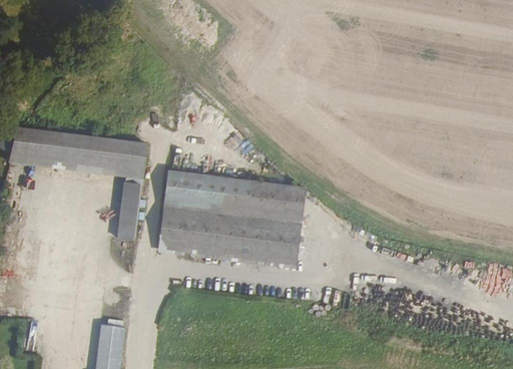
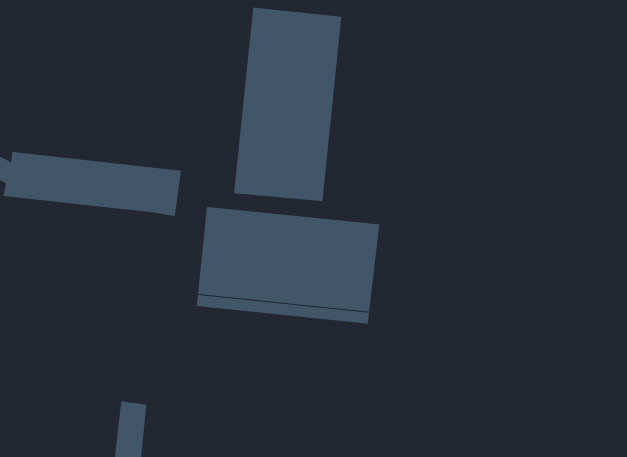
building: none -> [233,7,342,202]
building: [117,181,141,239] -> none

